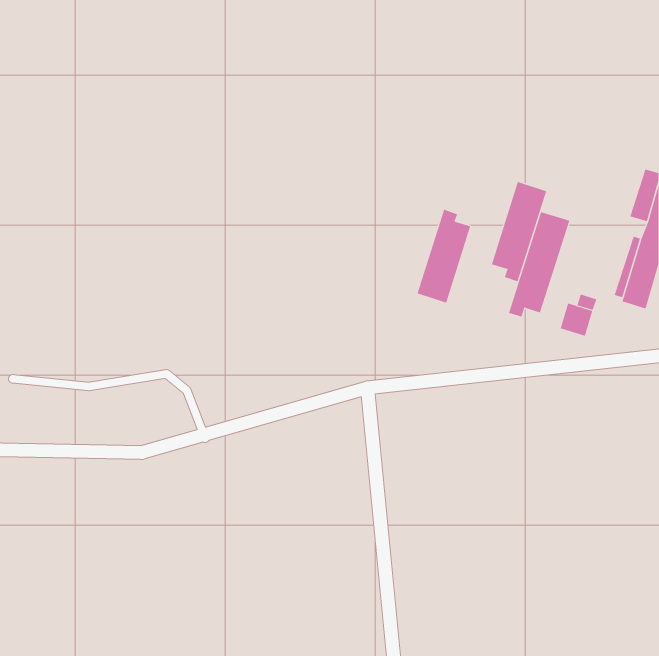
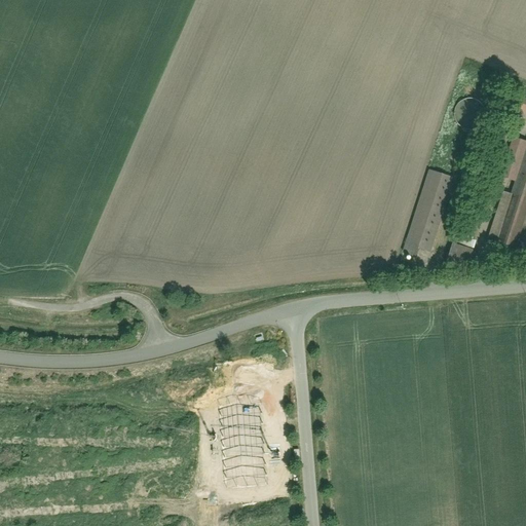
building: [491,181,547,282] -> none
building: [417,209,471,304] -> none

